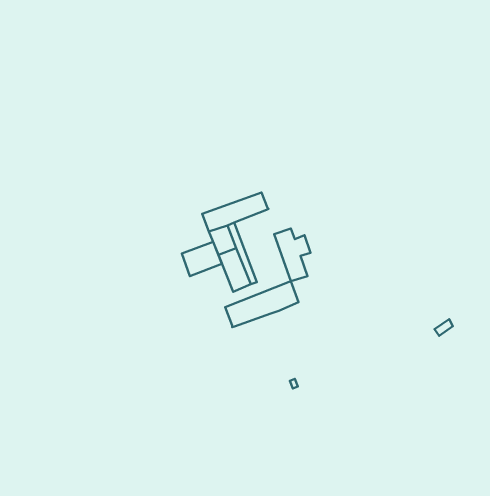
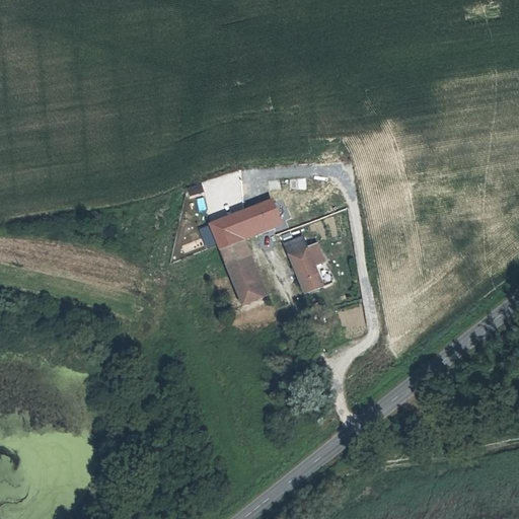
building: [182,242,222,276] -> none
building: [225,281,299,327] -> none

